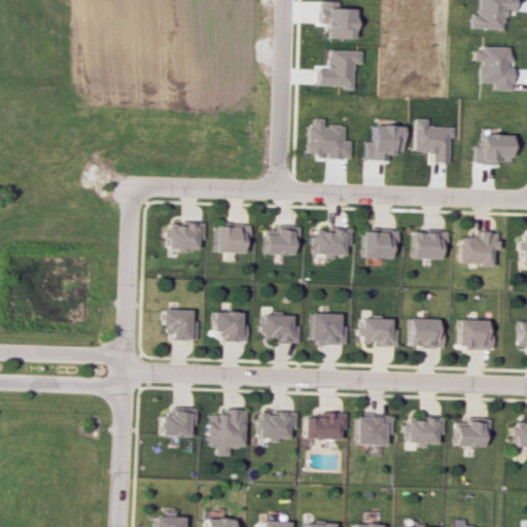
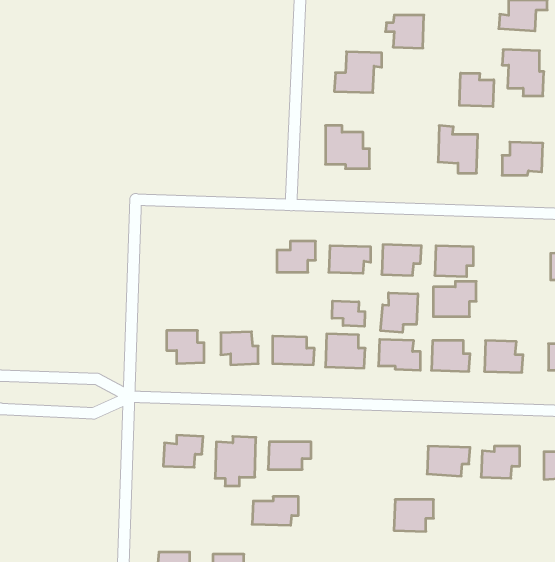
building: [322,8,358,39] -> [385,15,424,48]
building: none -> [459,73,494,107]
building: [368,126,407,161] -> none
building: [167,224,207,249] -> none
building: [217,225,253,253] -> none
building: [460,232,500,265] -> [433,281,476,317]
building: none -> [381,293,418,332]
building: none -> [332,301,365,326]
building: [305,413,348,440] -> [252,497,298,525]
building: [357,416,394,446] -> [394,500,434,531]

